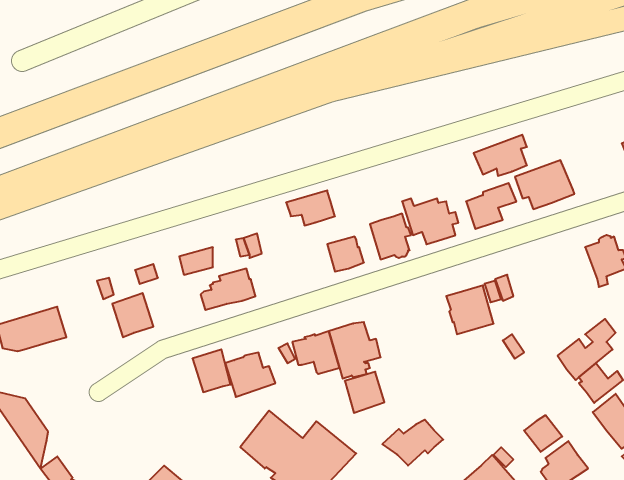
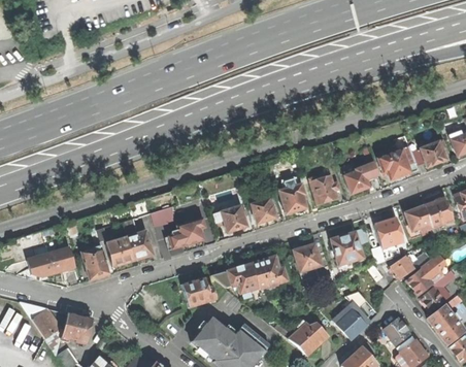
building: [474,135,527,176] -> [410,140,446,168]
building: [286,190,335,225] -> [213,208,246,232]
building: none -> [405,206,433,233]
building: none -> [374,218,403,247]
building: none -> [81,246,109,279]
building: none -> [391,253,430,279]
building: [192,349,231,392] -> [126,231,152,260]
building: [345,372,384,413] -> [294,244,321,272]
building: none -> [334,292,369,338]
building: none -> [61,313,92,343]

